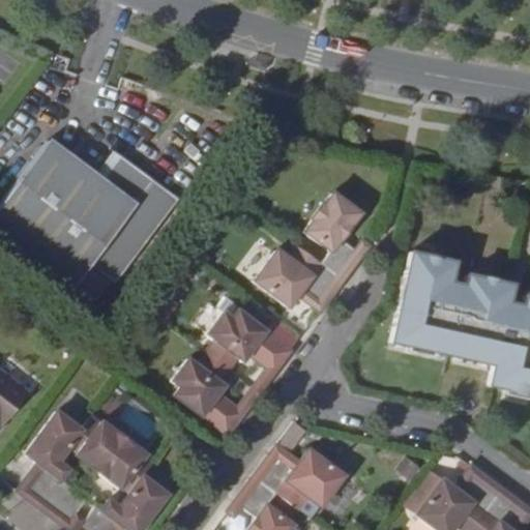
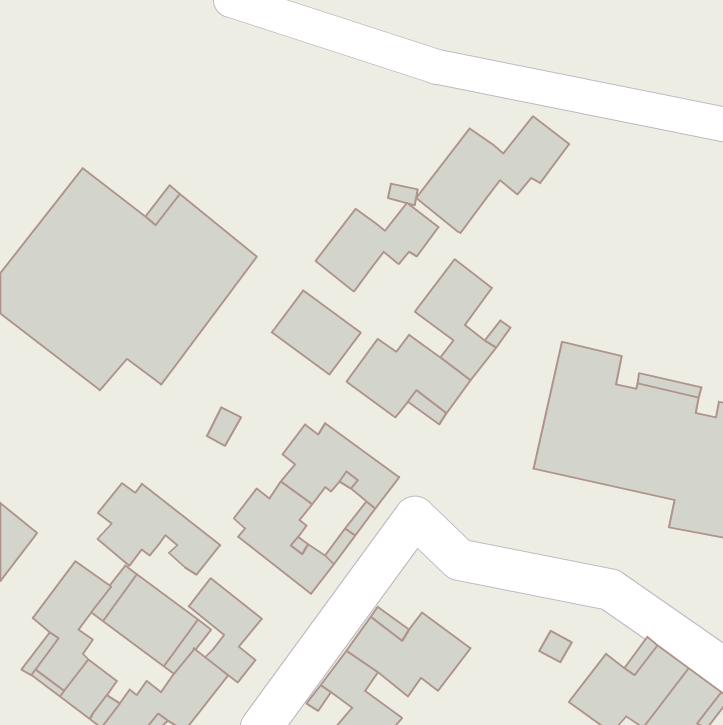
building: none -> [416,116,569,233]
building: none -> [316,203,439,291]
building: none -> [272,290,361,375]
building: none -> [98,483,220,575]
building: none -> [189,578,262,682]

